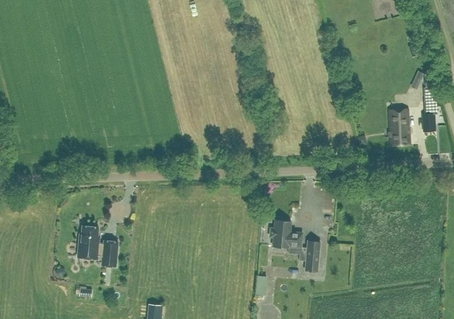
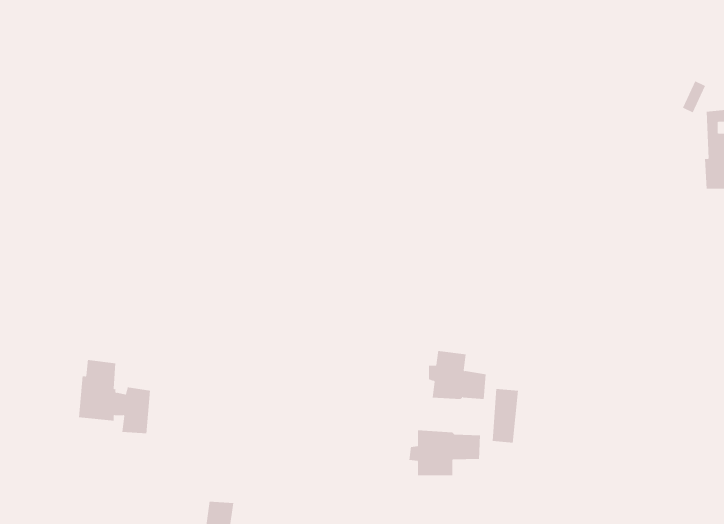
building: [388,109,409,145] -> none
building: none -> [409,430,481,476]

